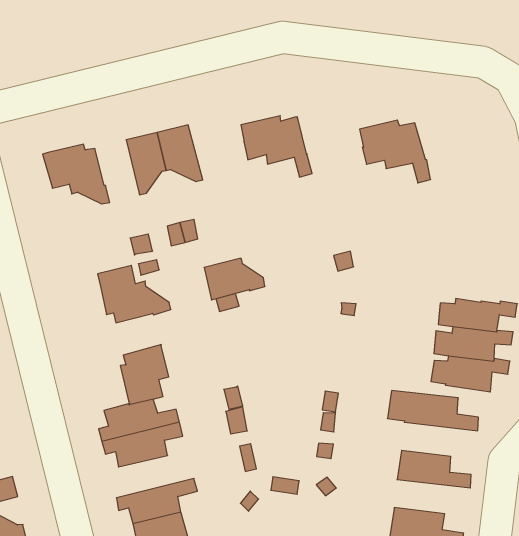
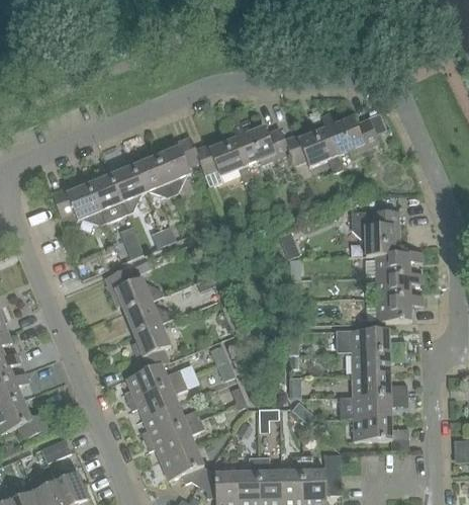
building: none -> [231,120,289,165]
building: none -> [319,113,386,155]
building: none -> [156,137,199,195]
building: none -> [89,174,127,223]
building: none -> [351,212,399,256]
building: [204,258,265,300] -> [124,301,172,335]
building: none -> [351,351,406,374]
building: none -> [140,405,200,442]
building: none -> [339,395,407,419]

